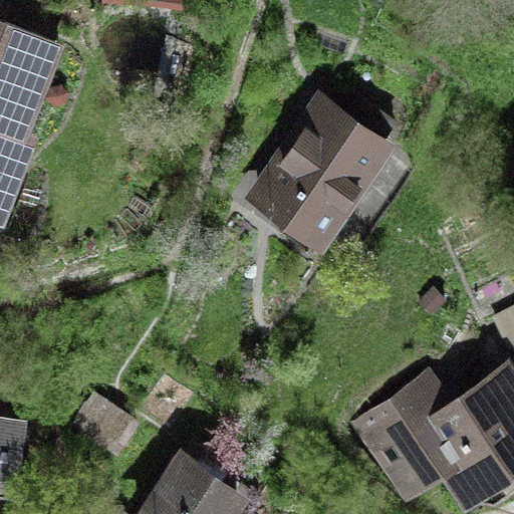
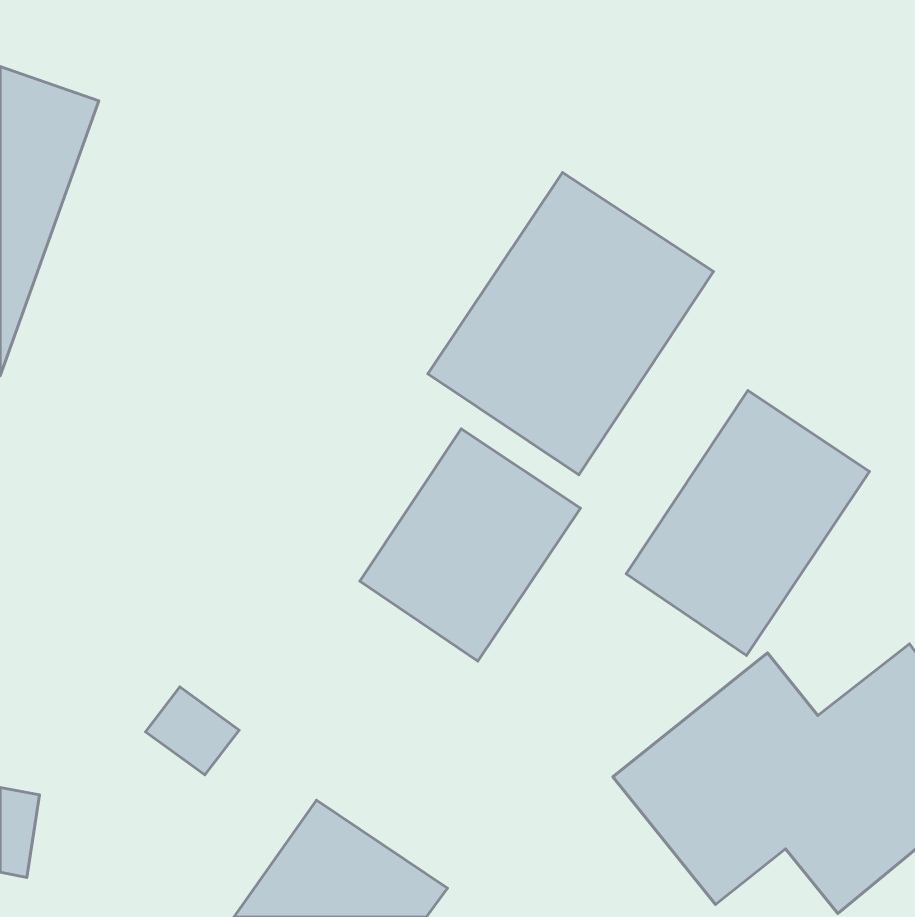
building: none -> [626,390,870,656]
building: none -> [360,429,580,661]

